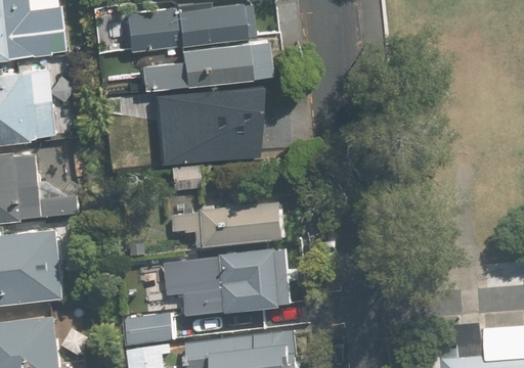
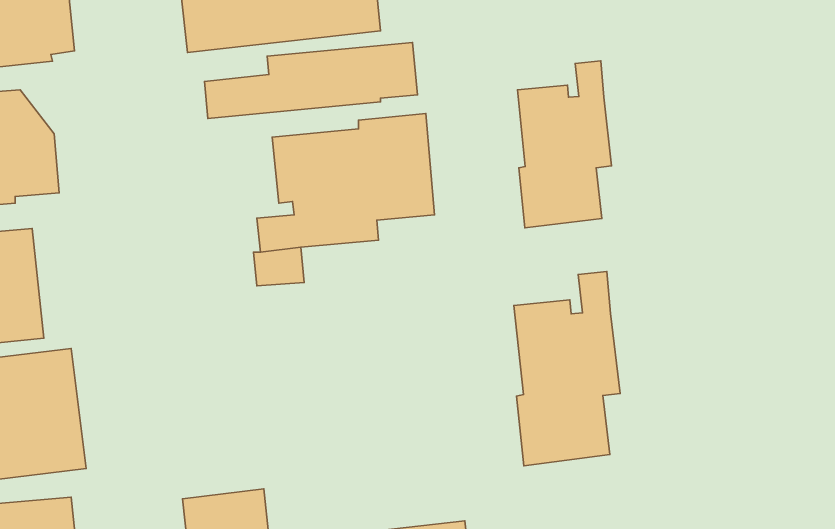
building: none -> [517,61,611,228]
building: none -> [514,272,620,466]
building: [169,203,286,250] -> none
building: [164,249,290,316] -> none

